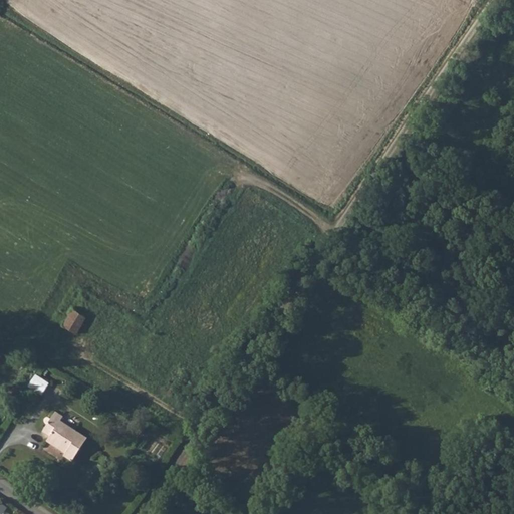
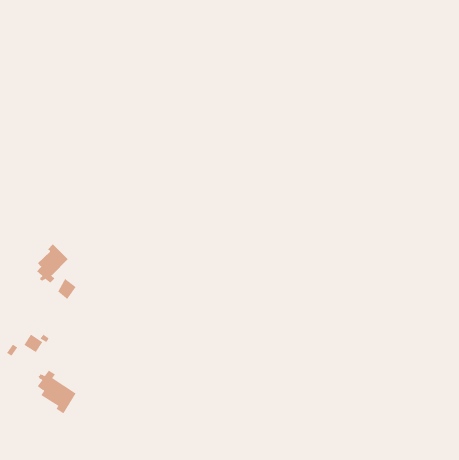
building: none -> [36,243,69,283]

